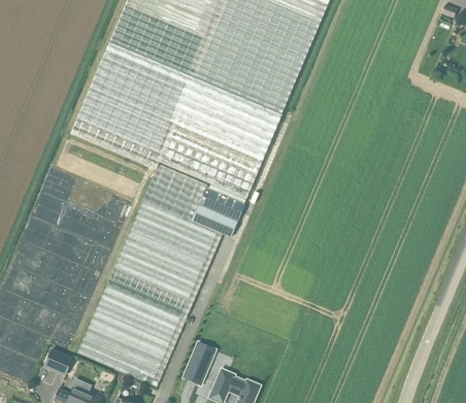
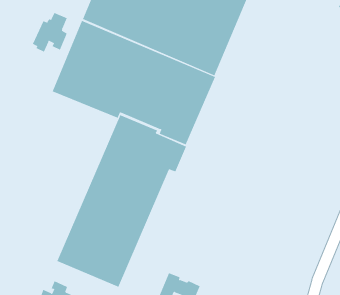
building: none -> [32,12,68,53]
building: [181,340,218,385] -> none
building: [44,347,74,374] -> none

